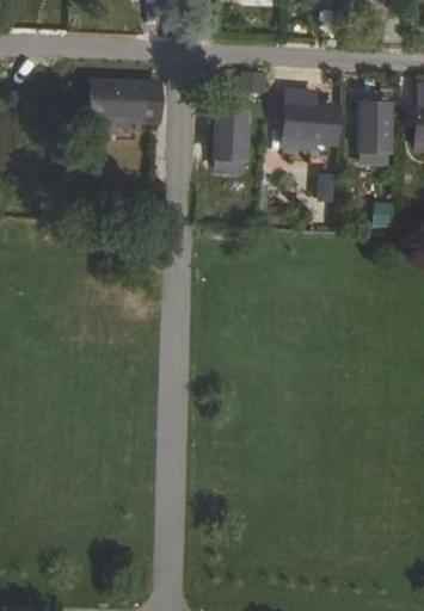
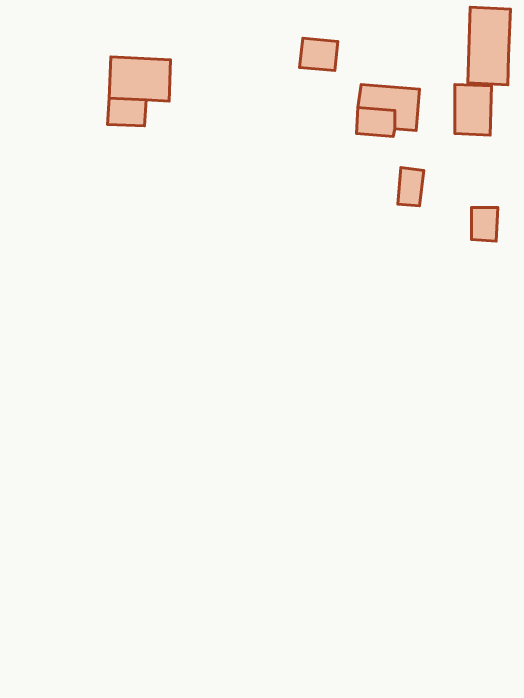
building: none -> [468,7,510,85]
building: [216,109,247,166] -> none

